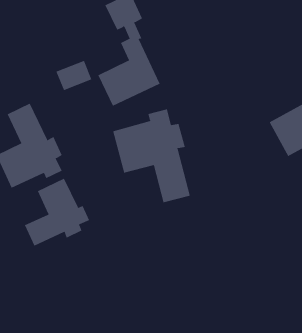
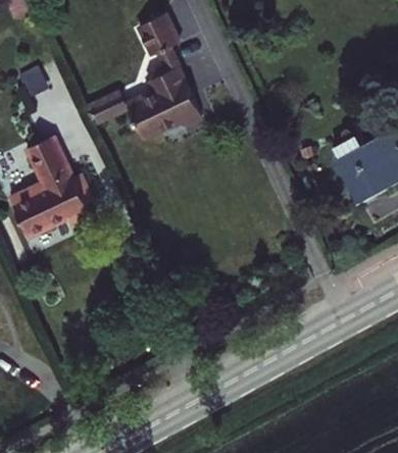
building: [112,108,191,203] -> none
building: [24,178,90,247] -> none

